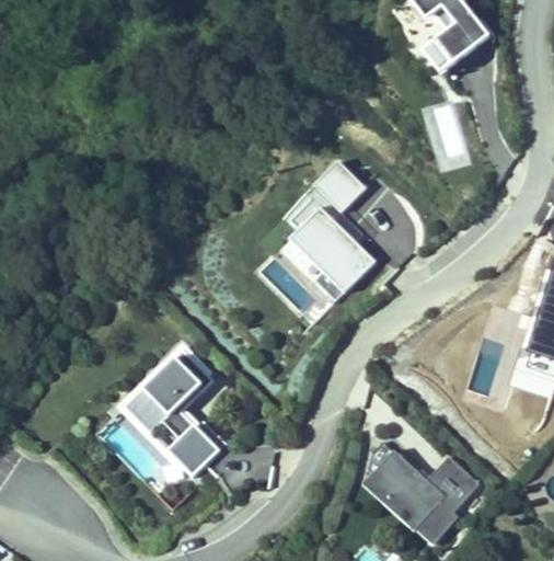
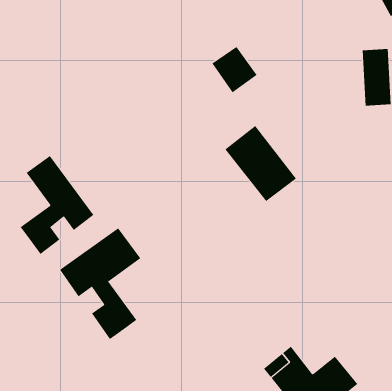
building: [310,162,363,216] -> [211,46,258,93]
building: none -> [20,155,94,255]

